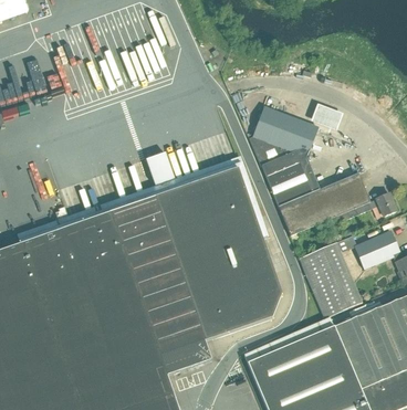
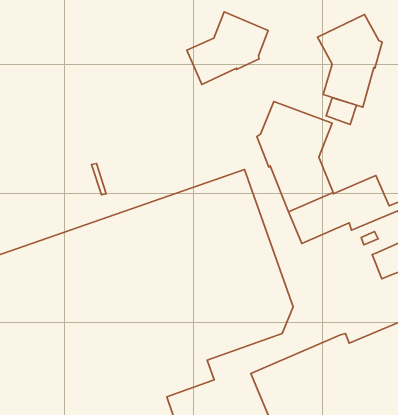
building: none -> [187,12,268,85]
building: none -> [318,14,382,107]
building: [299,241,362,317] -> none

